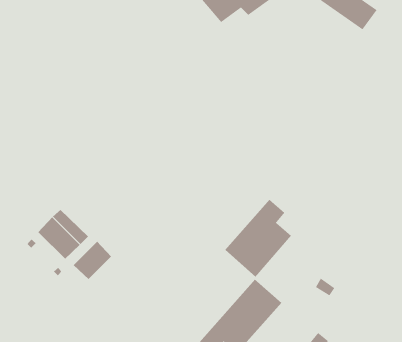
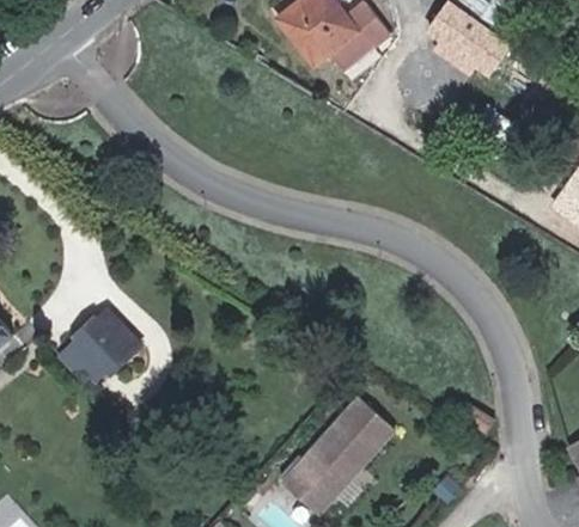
building: [225,199,292,277] -> none
building: [73,241,112,280] -> none

